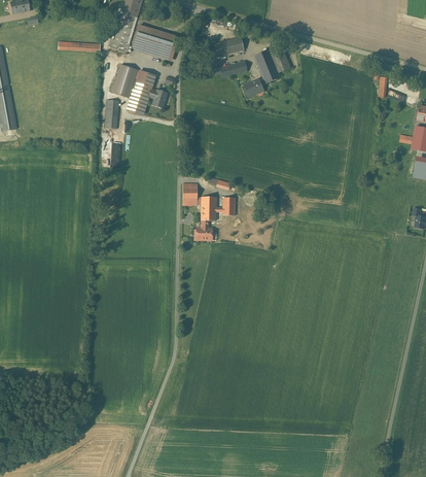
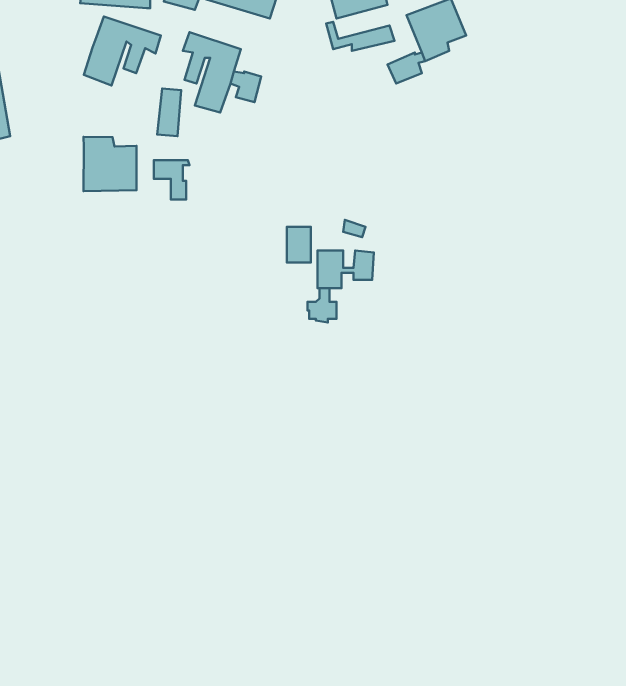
building: none -> [84,17,161,85]
building: none -> [84,137,137,191]

